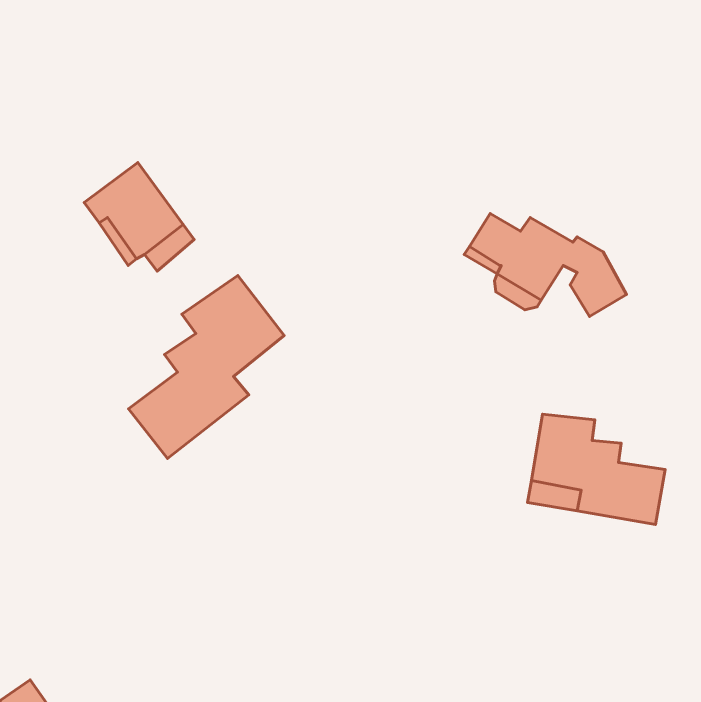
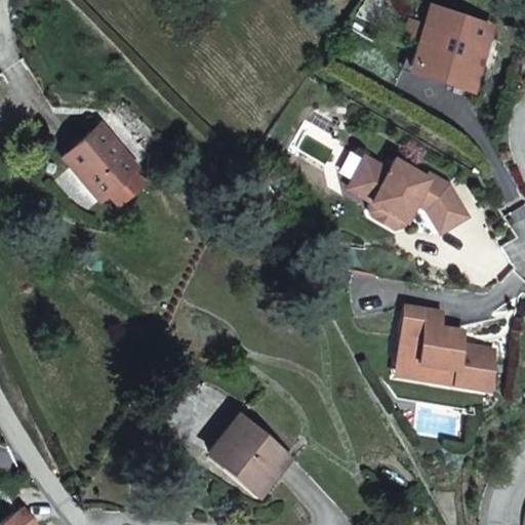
building: none -> [408,6,492,89]
building: [129,275,284,459] -> none
building: none -> [208,410,292,493]

